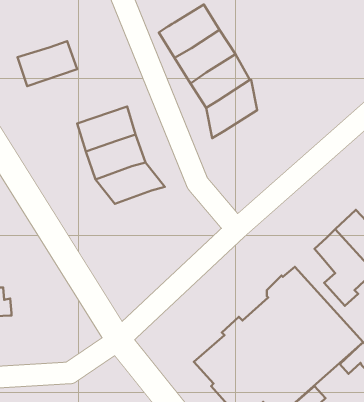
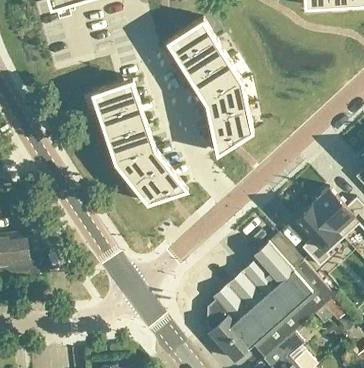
building: [17,41,77,86] -> [92,79,141,116]
building: none -> [211,105,254,154]
building: none -> [131,168,189,203]

